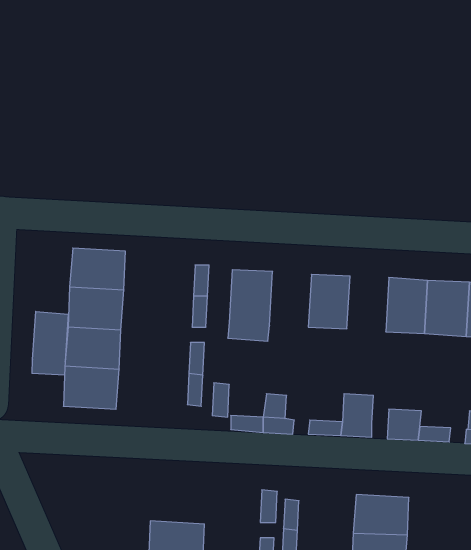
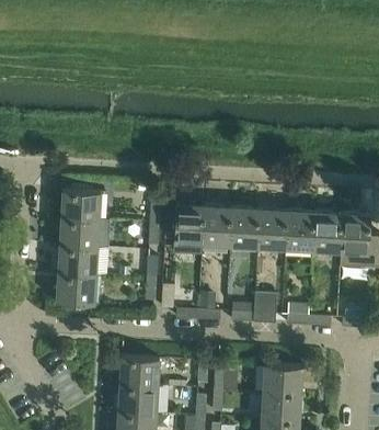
building: none -> [203,205,232,245]
building: none -> [257,208,287,248]
building: [32,311,68,375] -> none
building: none -> [118,355,159,384]

